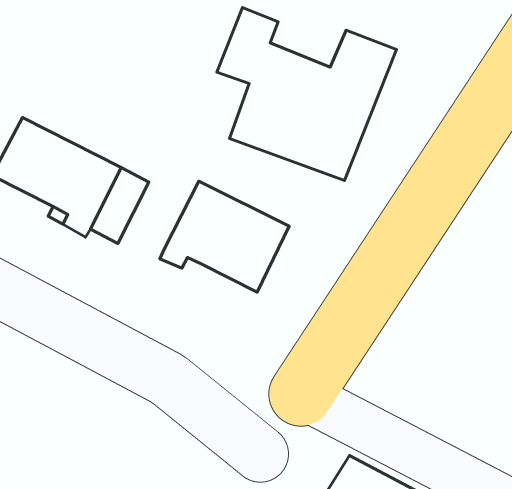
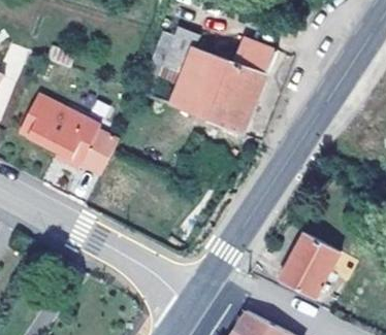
building: [160,181,289,292] -> none
building: none -> [281,232,340,295]

